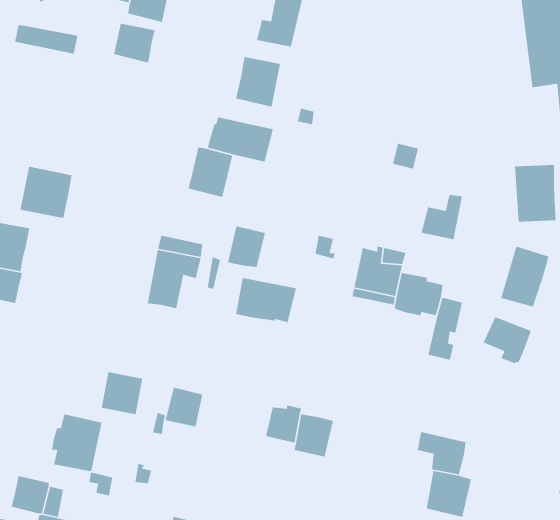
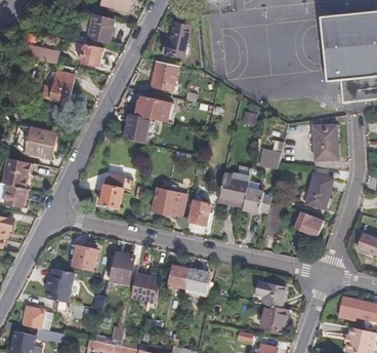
building: none -> [43,70,75,101]
building: [227,226,266,268] -> [188,201,211,226]
building: none -> [131,270,162,308]

